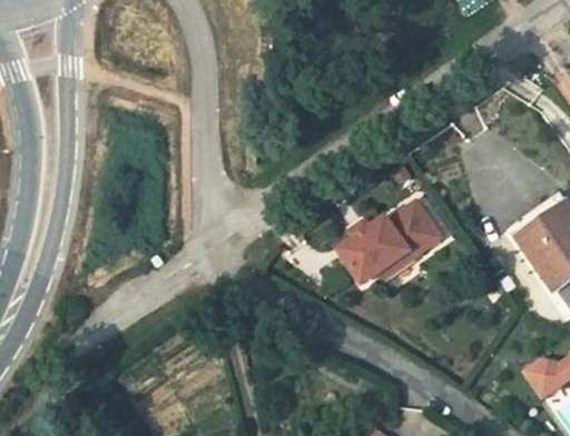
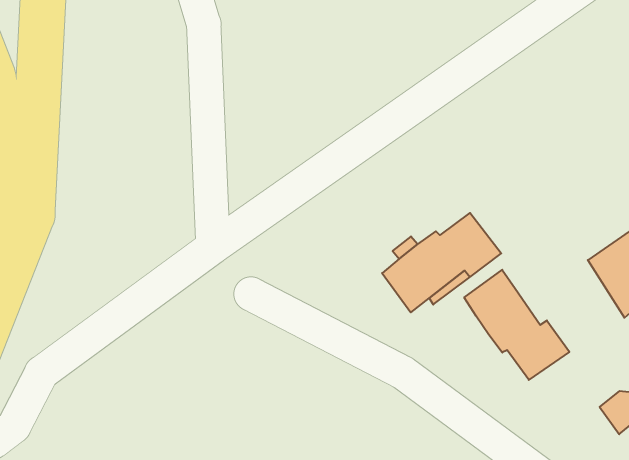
building: none -> [464,270,569,380]

